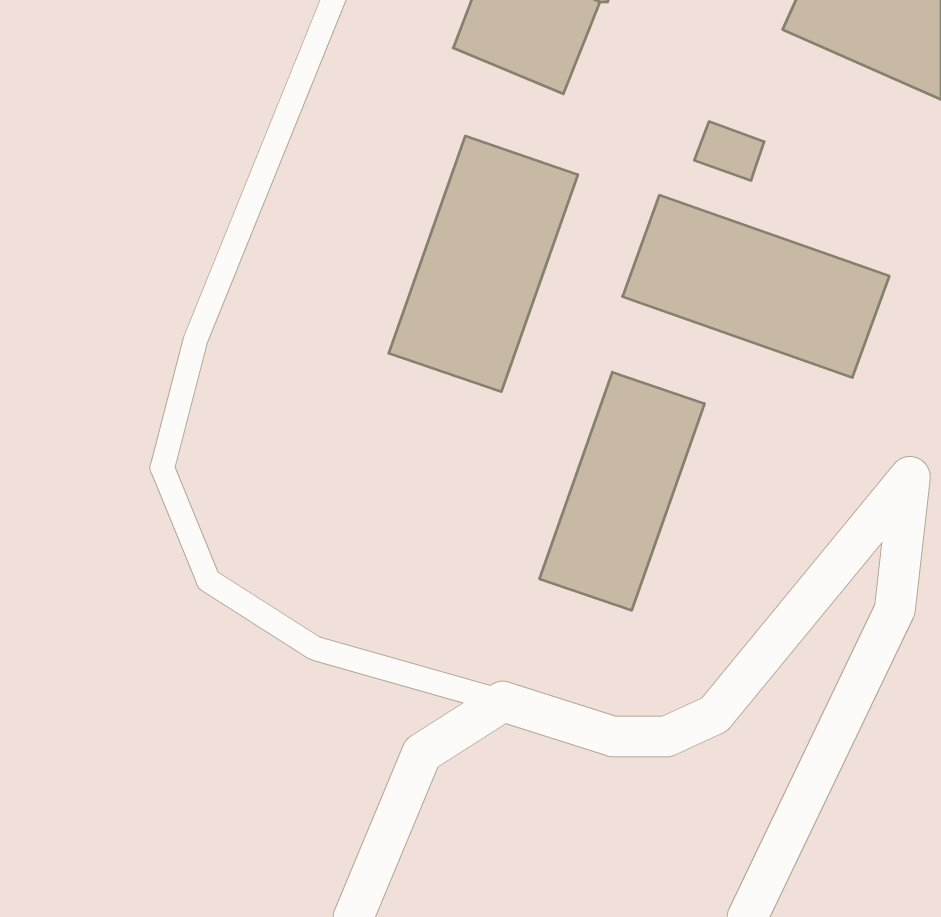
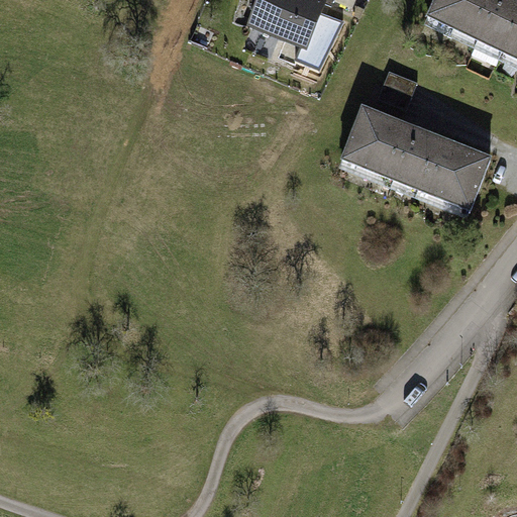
building: [389,136,578,392] -> none
building: [540,372,704,610] -> none

